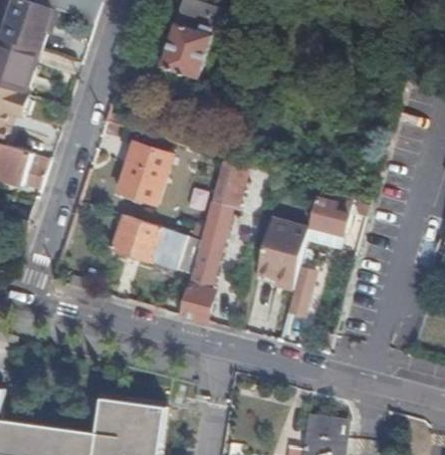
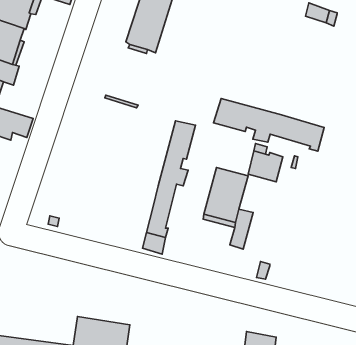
building: none -> [214,99,324,151]
building: [118,143,171,205] -> none
building: [112,215,200,269] -> none

